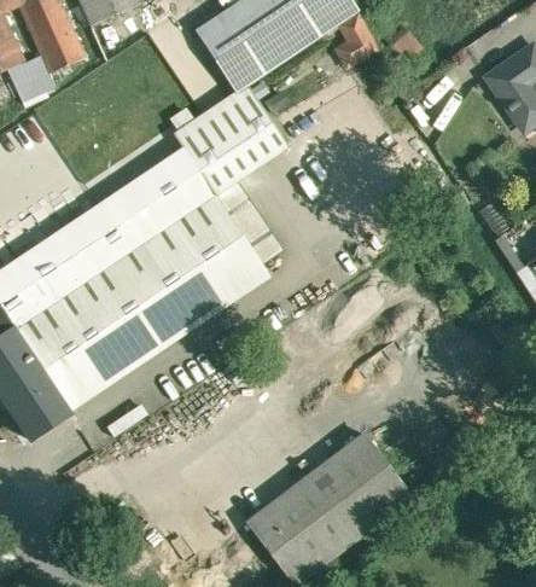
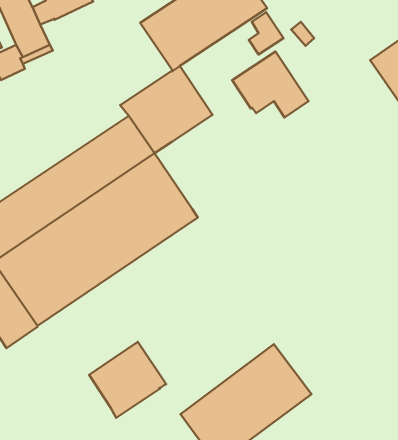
building: none -> [232,51,309,118]
building: [215,179,282,263] -> none
building: none -> [89,342,166,418]

